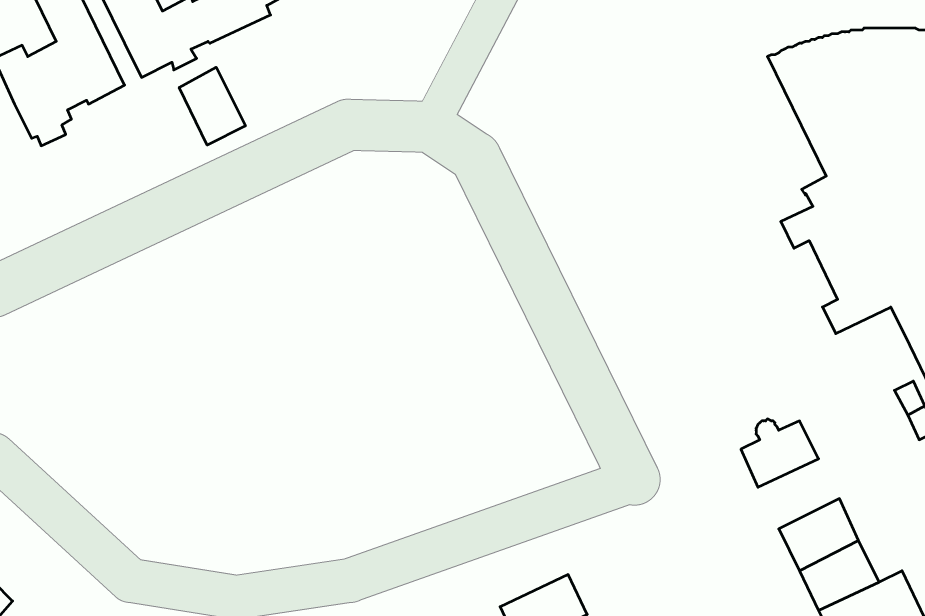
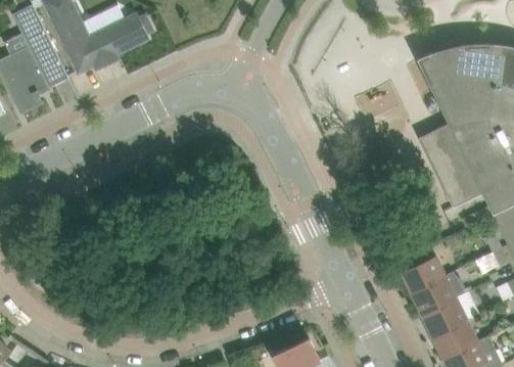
building: [179,67,245,145] -> none
building: none -> [411,271,465,313]

